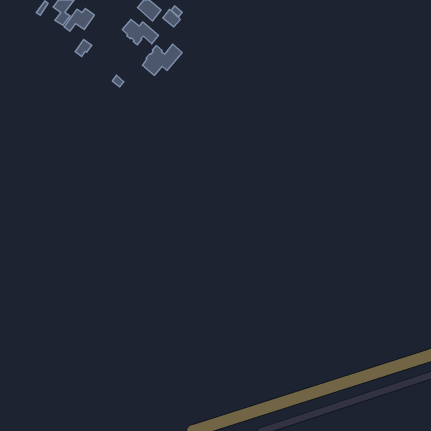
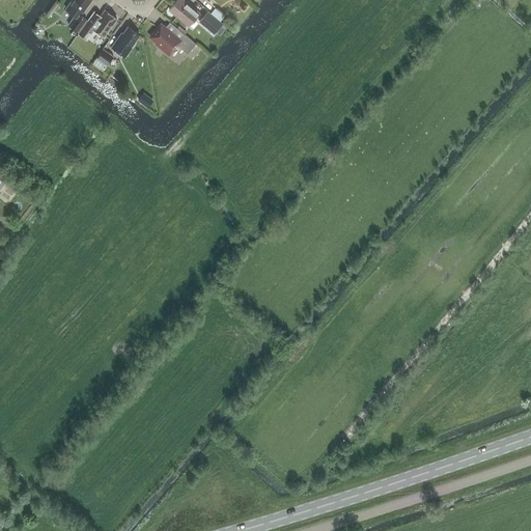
building: none -> [111,27,139,56]
building: [142,44,182,75] -> none

